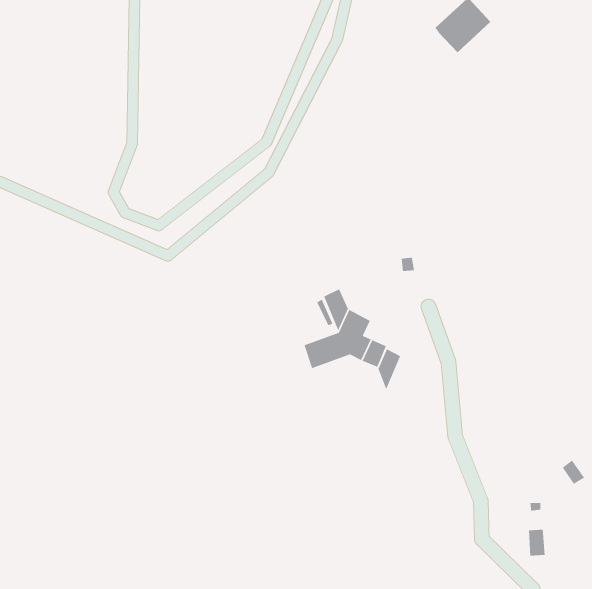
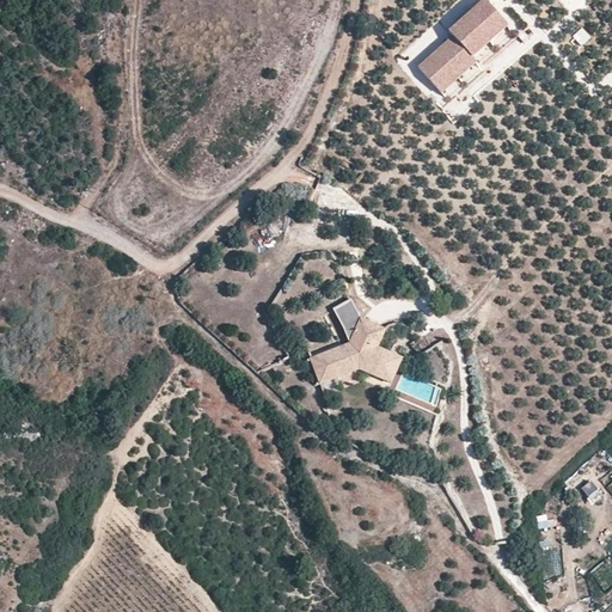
building: none -> [417,33,477,92]
building: [377,348,401,391] -> none

